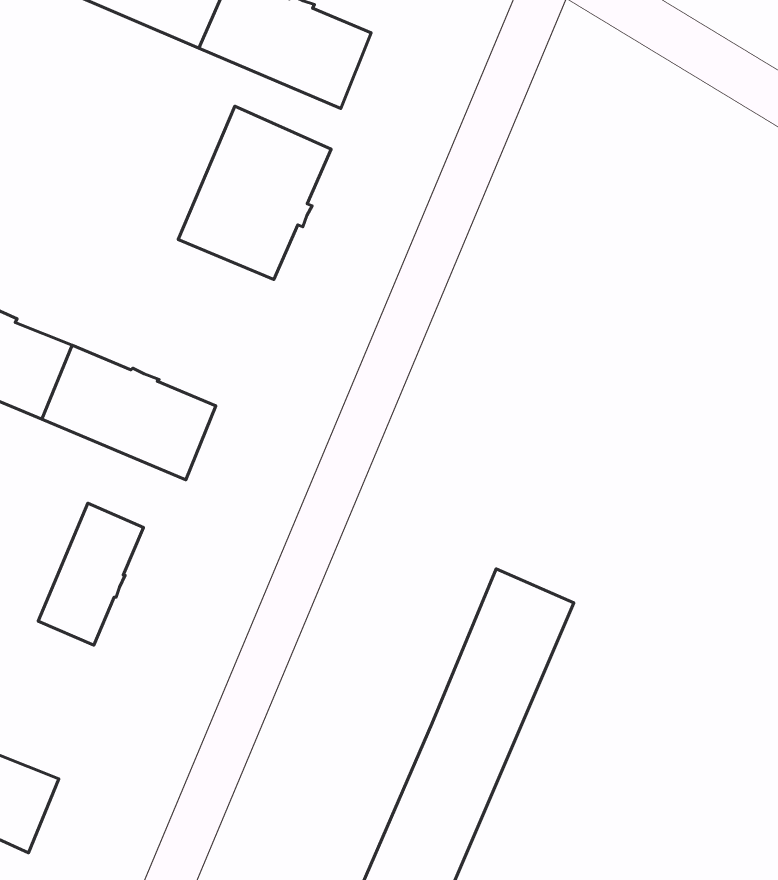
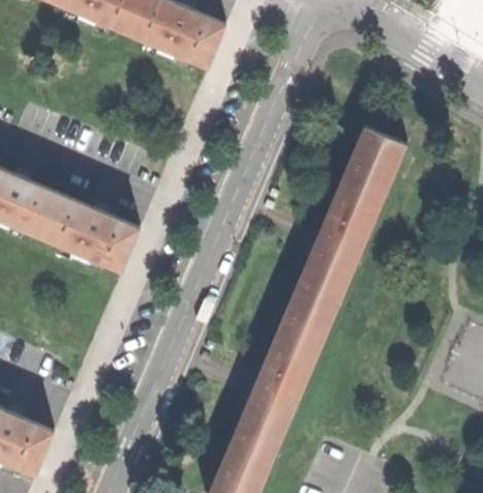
building: [178,106,331,280] -> none
building: none -> [284,122,404,334]
building: [38,503,143,645] -> none

